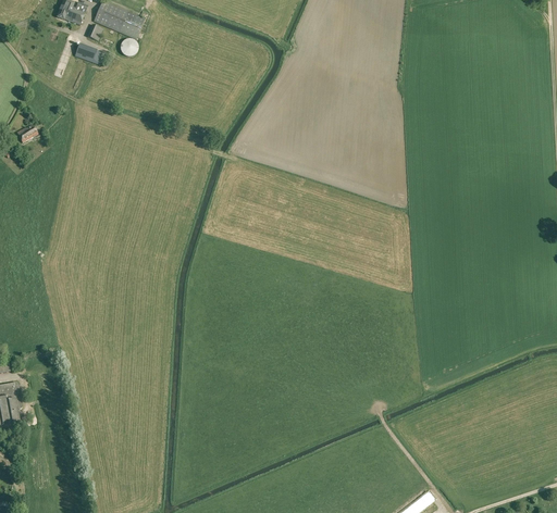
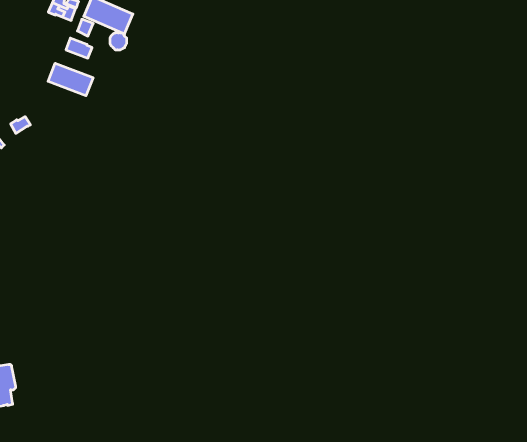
building: none -> [48,63,93,96]

